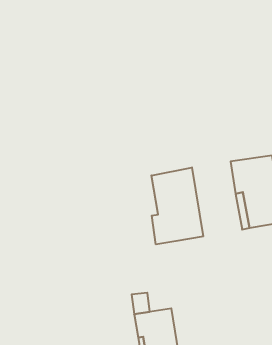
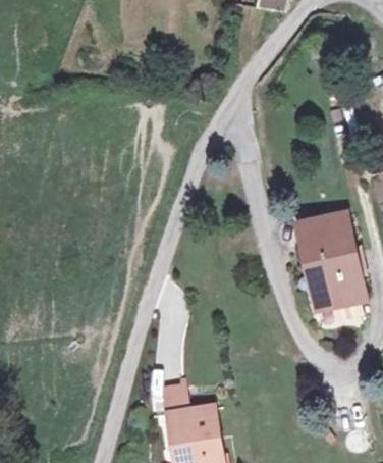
building: [151,167,203,244] -> none

